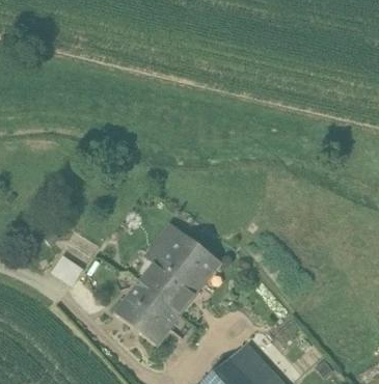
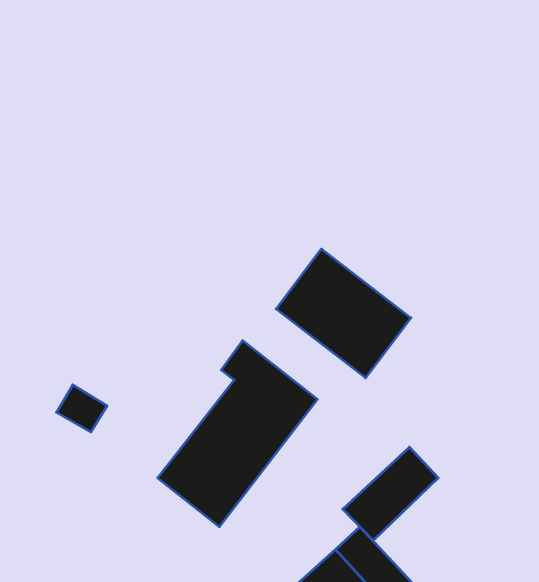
building: none -> [276,249,411,378]
building: none -> [343,447,438,540]

